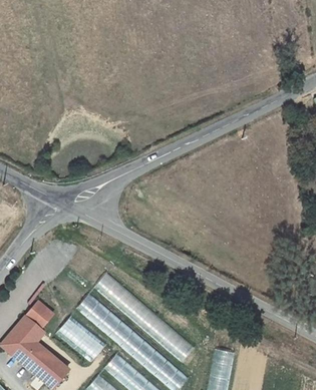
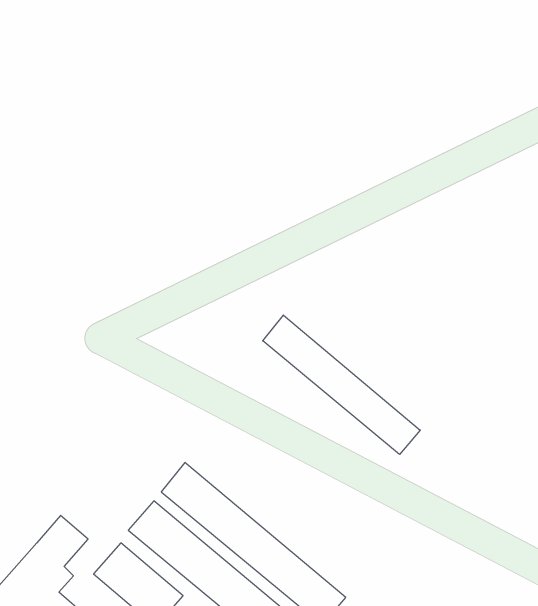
building: none -> [263,315,420,454]

